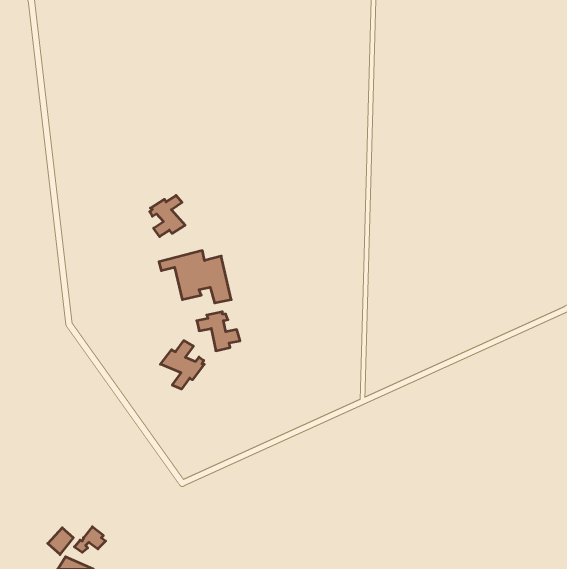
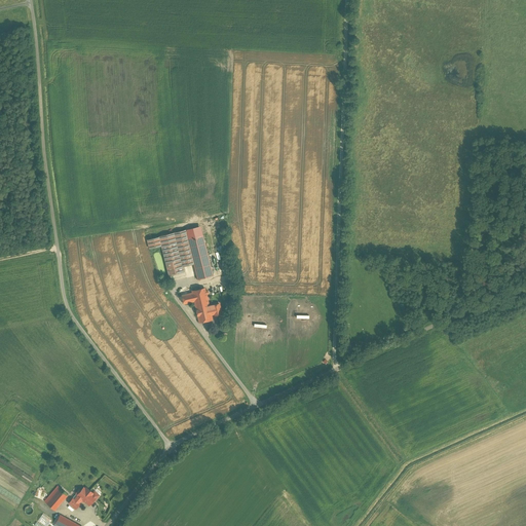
building: [150,195,185,237] -> none
building: [160,341,204,389] -> none

